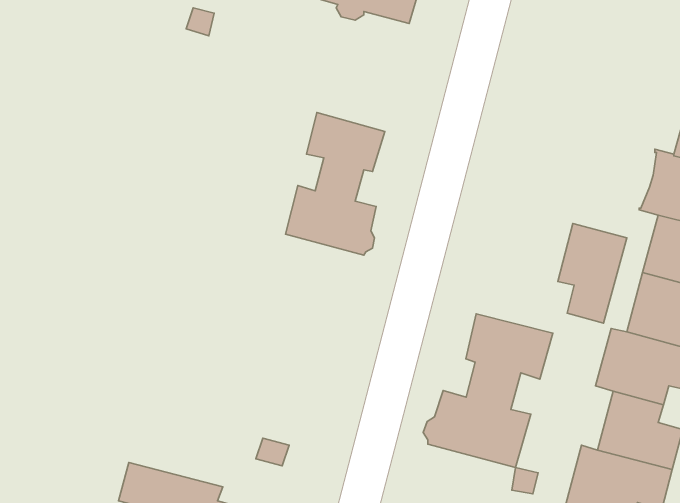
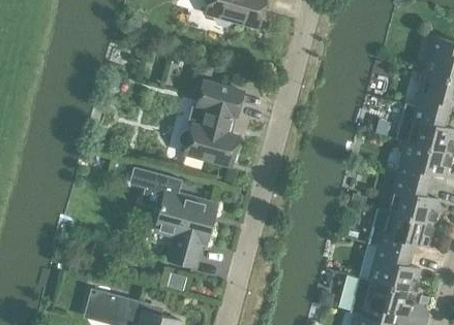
building: [558,223,627,323] -> none
building: none -> [131,167,217,267]
building: [423,314,553,468] -> none

